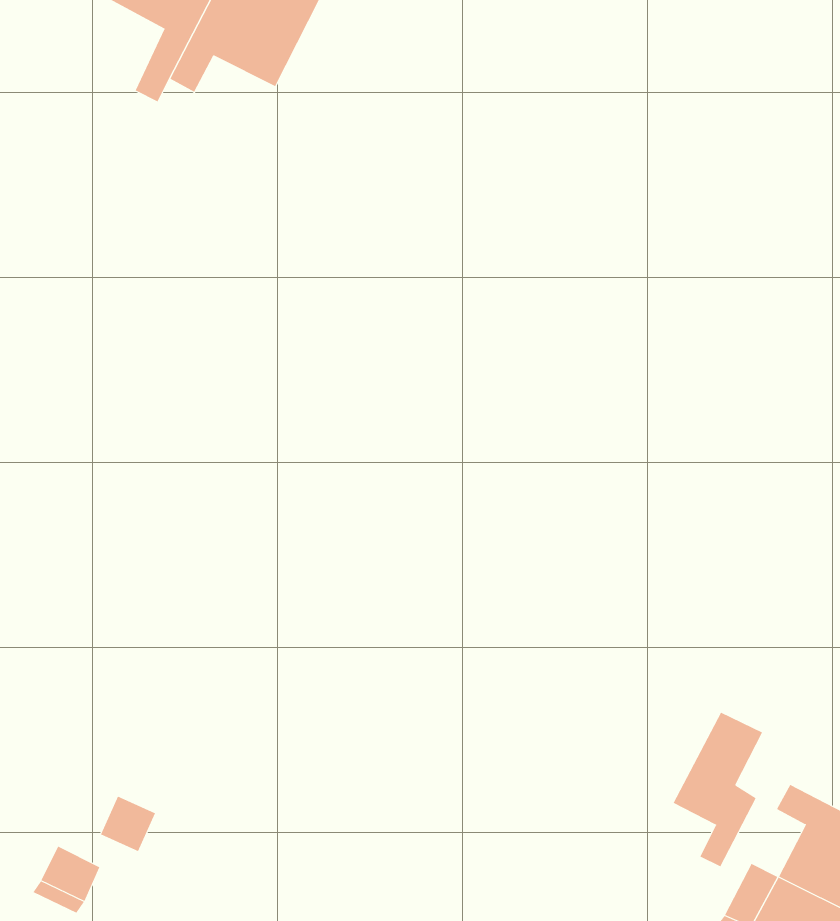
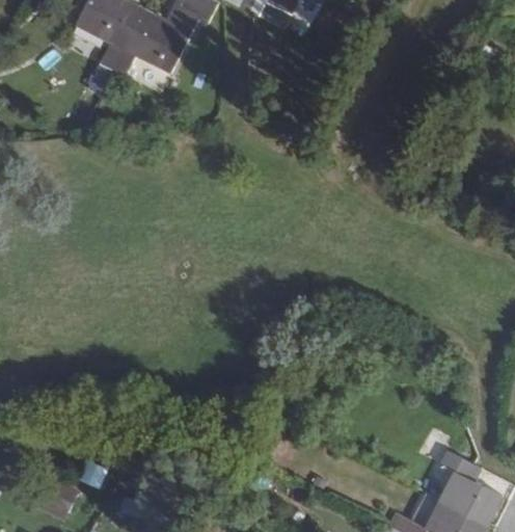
building: [673,712,763,867] -> none

